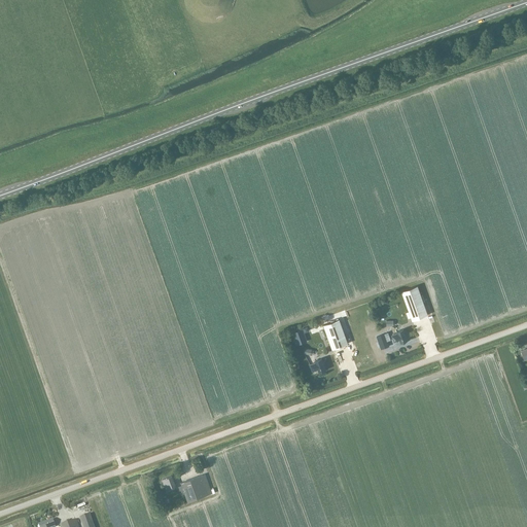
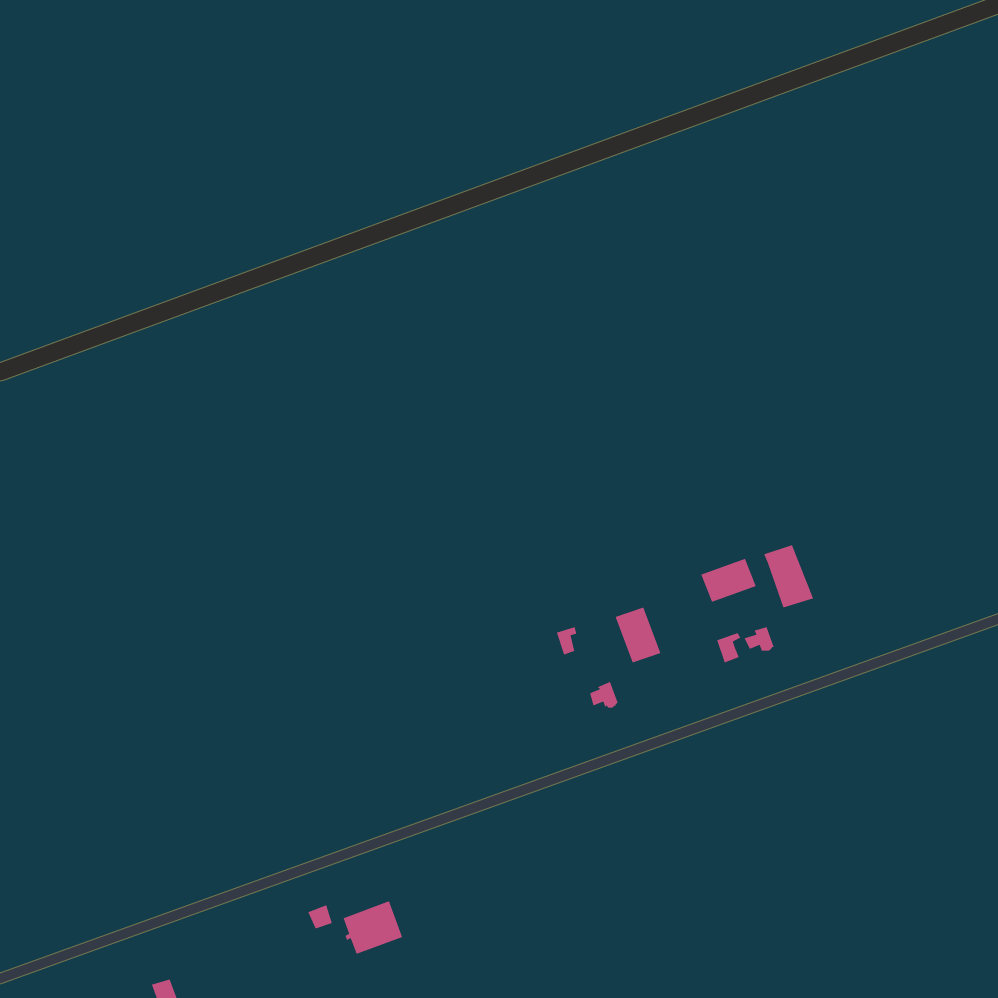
building: none -> [700,558,757,603]

